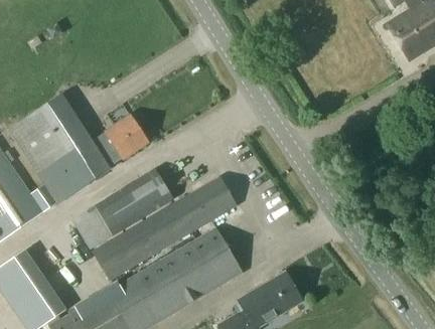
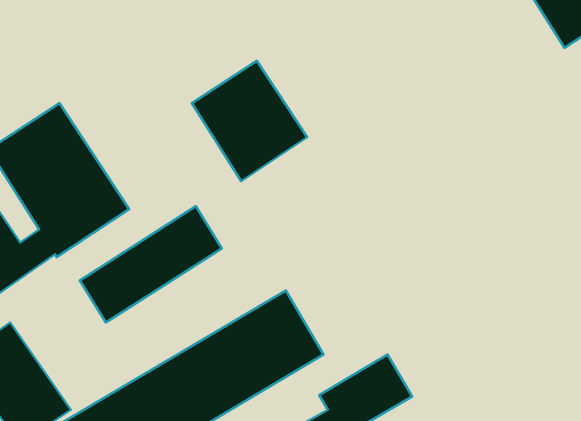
building: none -> [192,61,307,181]
building: [106,115,150,160] -> none
building: [94,176,237,280] -> none

